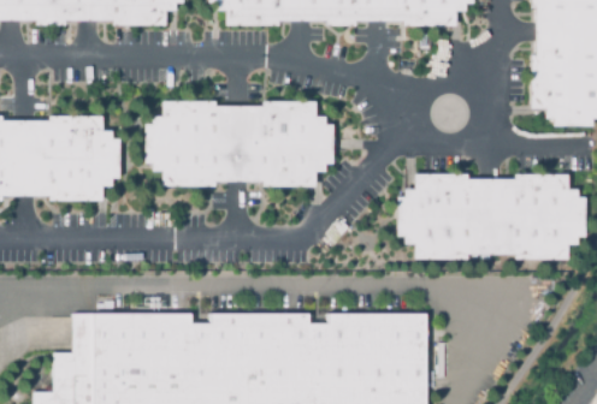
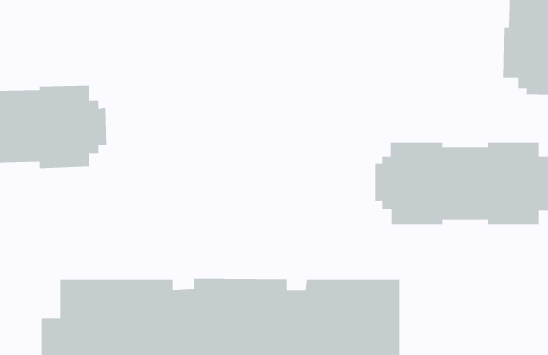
building: [143,101,332,186] -> none

